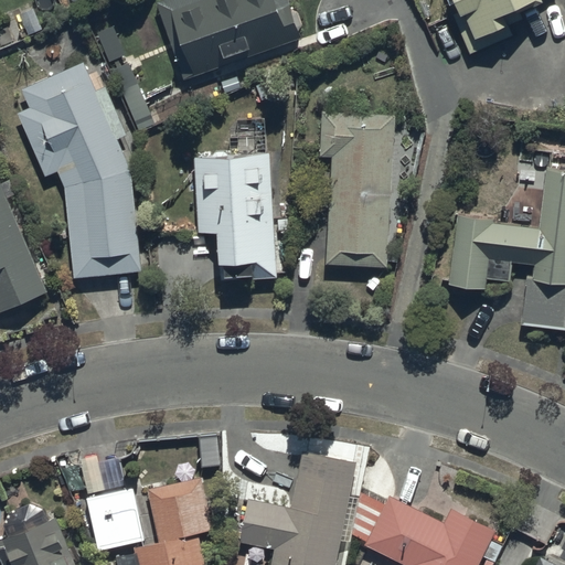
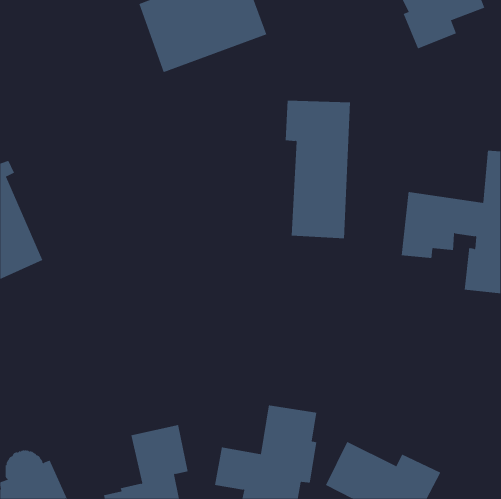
building: [18,62,141,278] -> none
building: [185,153,288,282] -> none
building: [86,488,143,552] -> none

